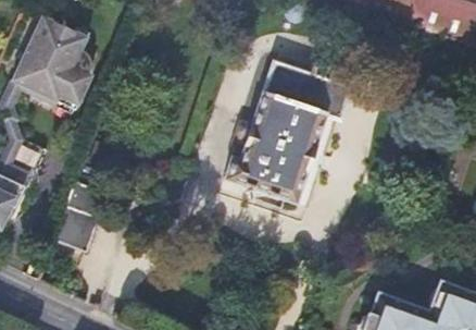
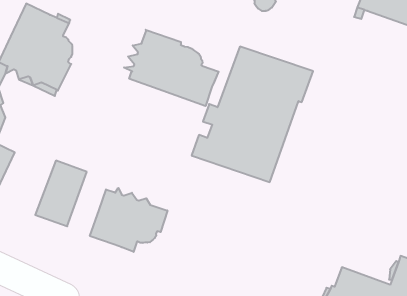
building: none -> [124,30,219,106]
building: none -> [90,188,167,252]

